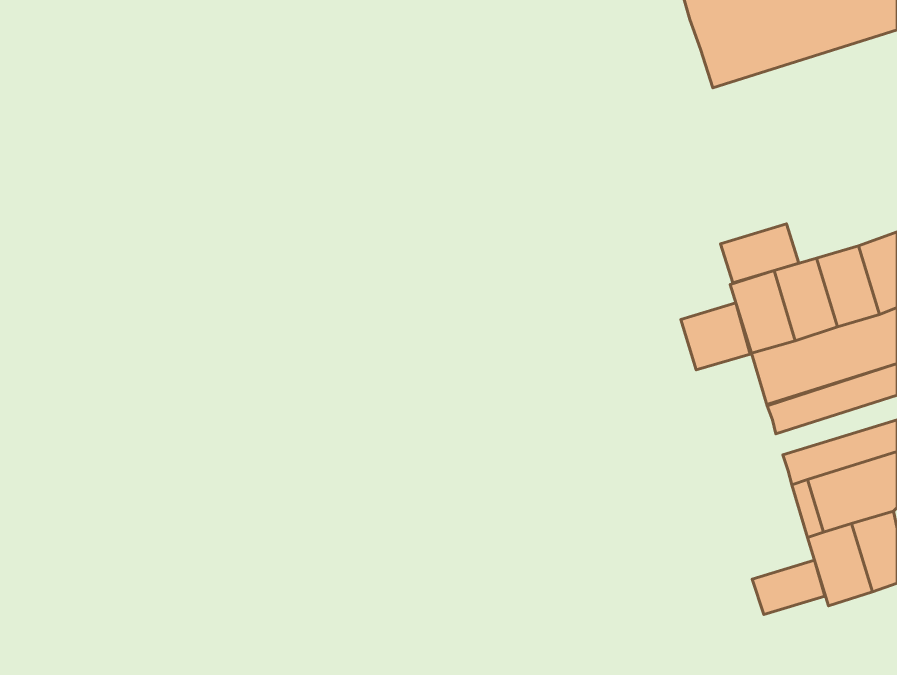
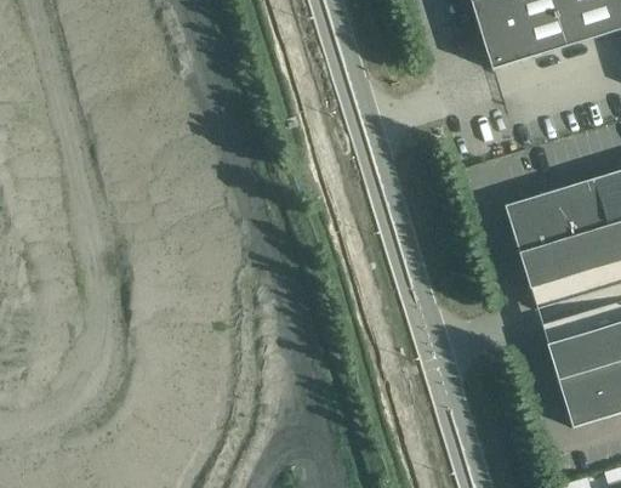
building: [720,224,799,283] -> none
building: [681,303,750,370] -> none
building: [752,560,825,614] -> none

